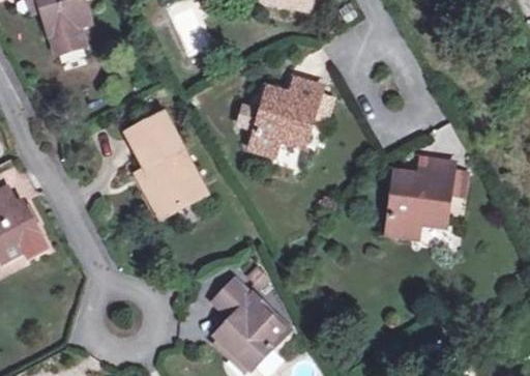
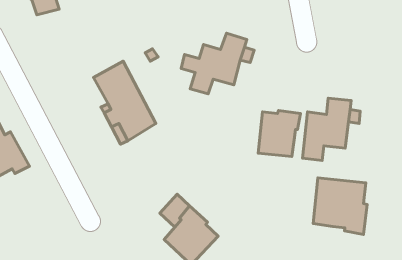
building: none -> [258,111,300,157]
building: none -> [313,178,367,234]

